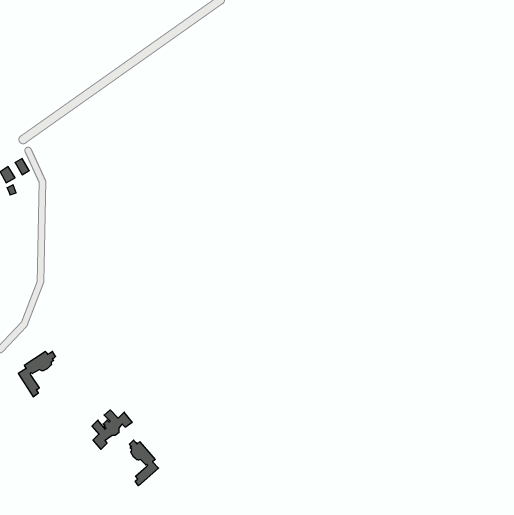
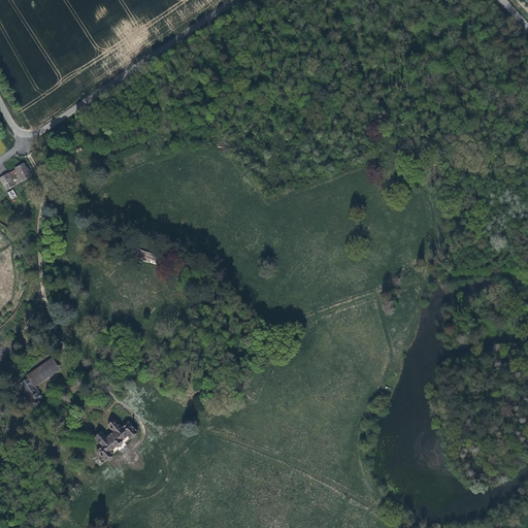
building: [129,440,159,486] -> none

